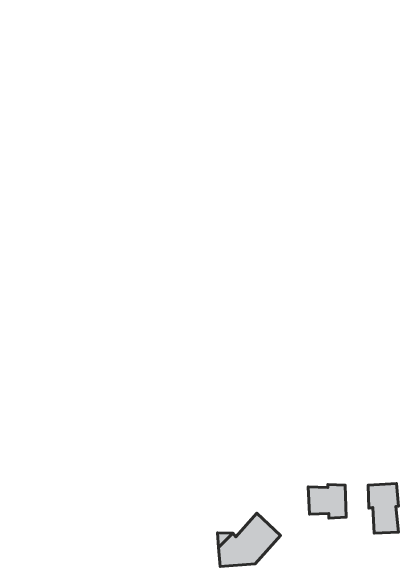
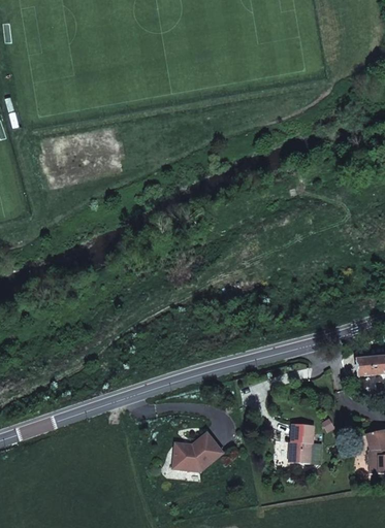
building: [308,485,346,518] -> none

